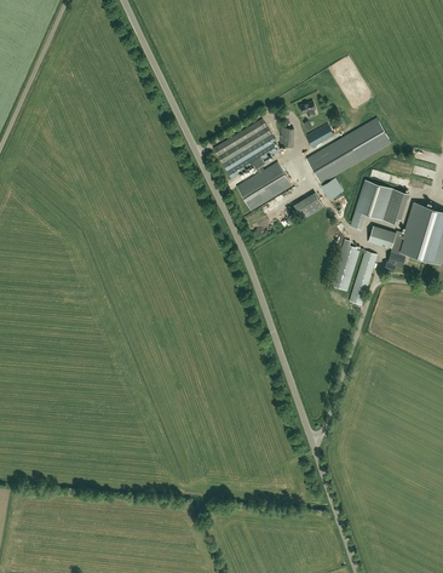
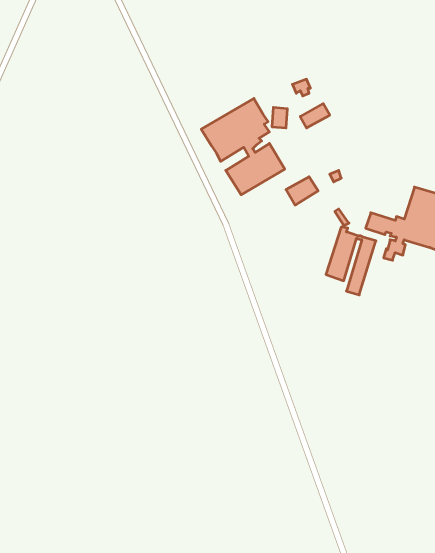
building: [306,118,392,183] -> none
building: [351,179,408,229] -> none

